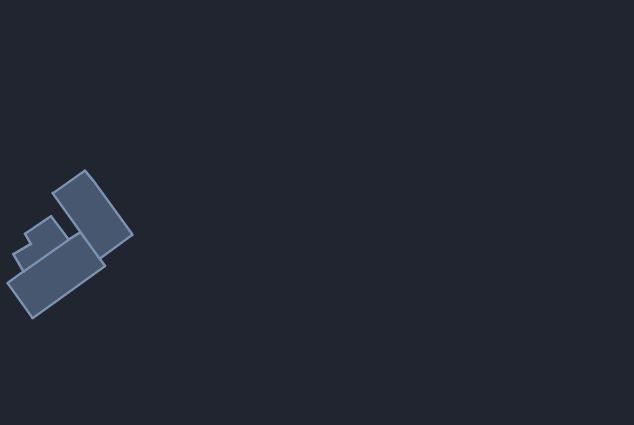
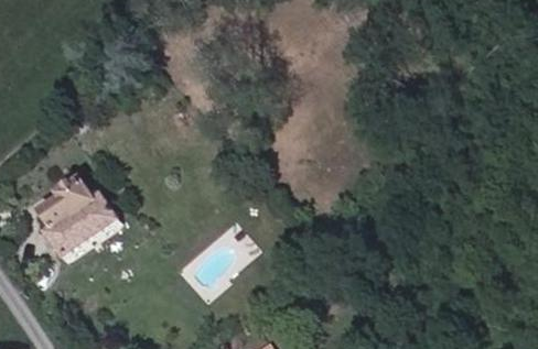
building: [53,171,132,259] -> none

